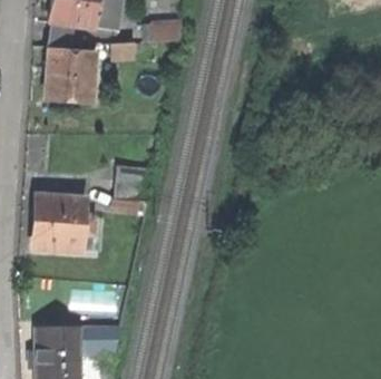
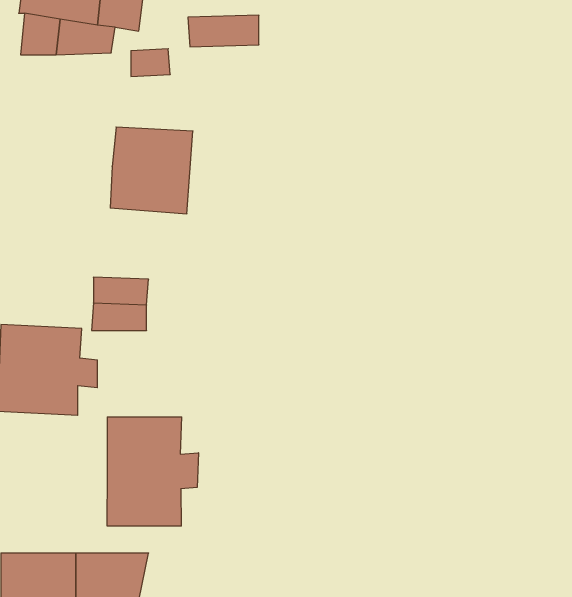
building: [46,52,92,101] -> [110,127,193,214]
building: none -> [107,417,198,526]

